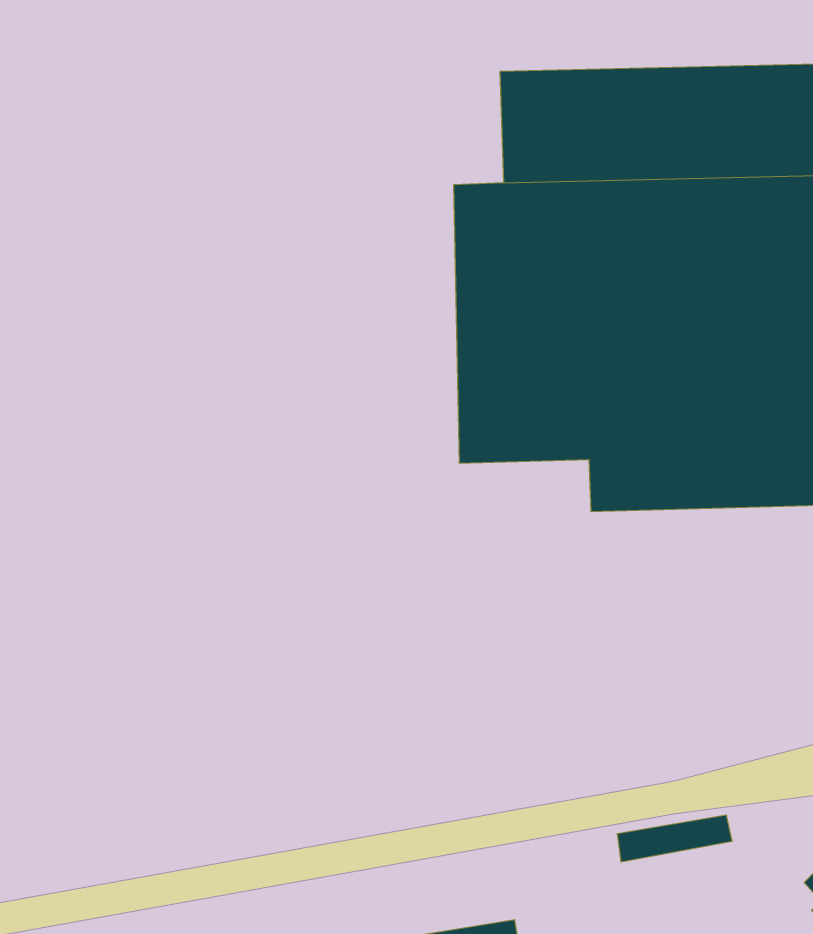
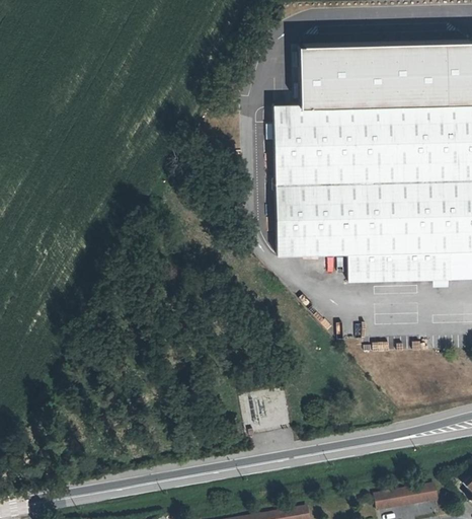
building: [617,815,732,862] -> [375,486,438,511]

